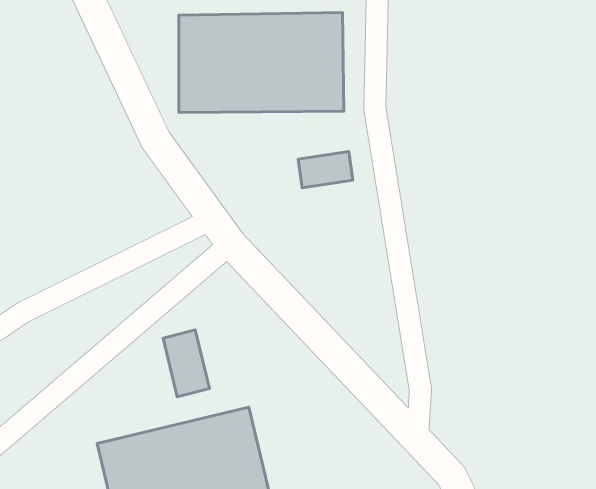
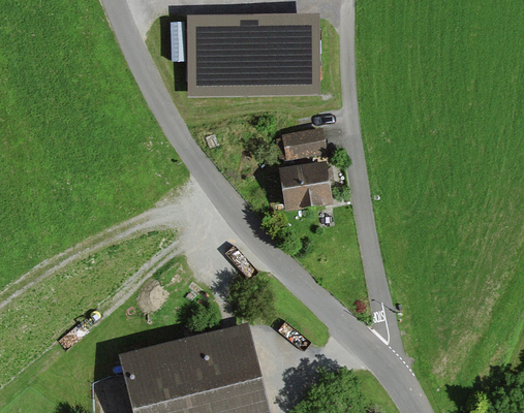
building: none -> [280,159,332,210]
building: [163,330,209,397] -> none

